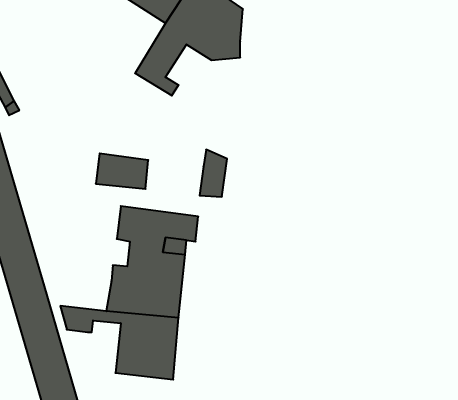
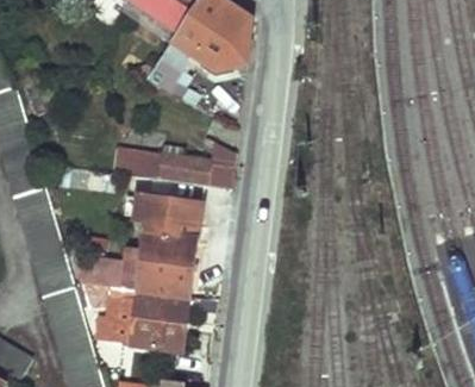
building: none -> [161,154,213,186]
building: none -> [76,258,130,291]
building: none -> [98,299,138,347]

